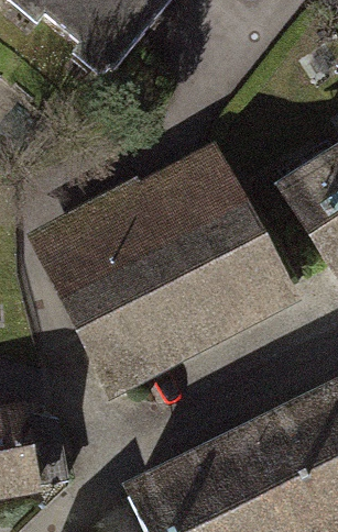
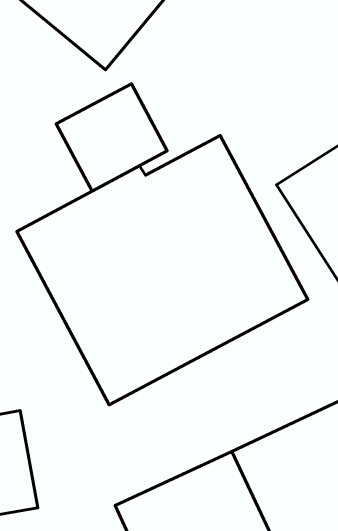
building: none -> [56,84,167,191]

